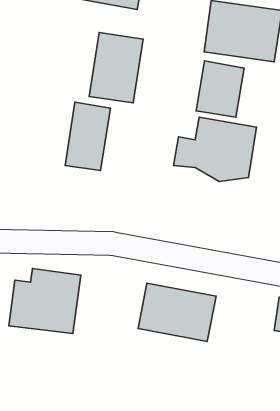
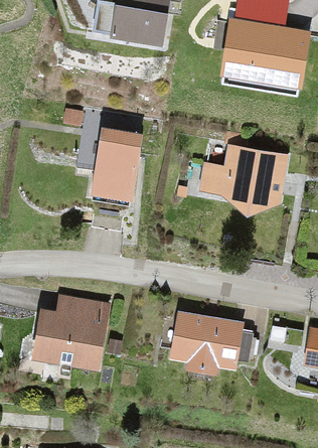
building: [89,33,143,103] -> none
building: [196,61,244,117] -> none

